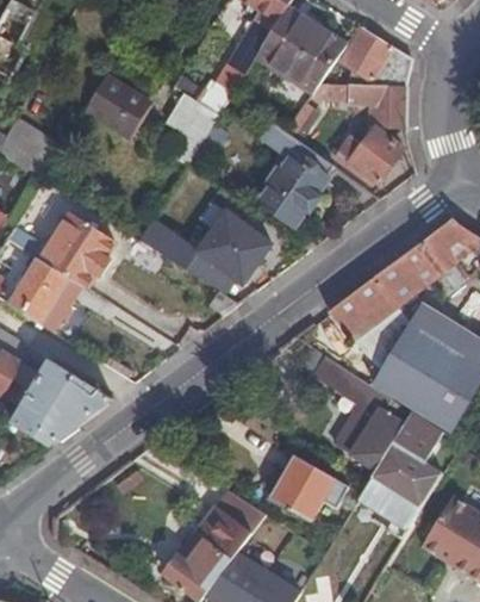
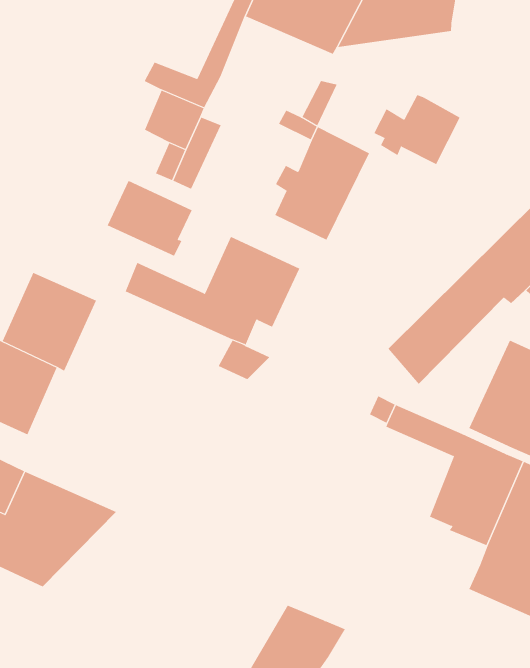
building: [82,85,147,145] -> [107,180,192,256]
building: [308,85,405,130] -> none
building: [270,453,348,516] -> none

